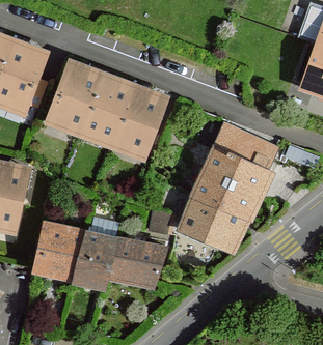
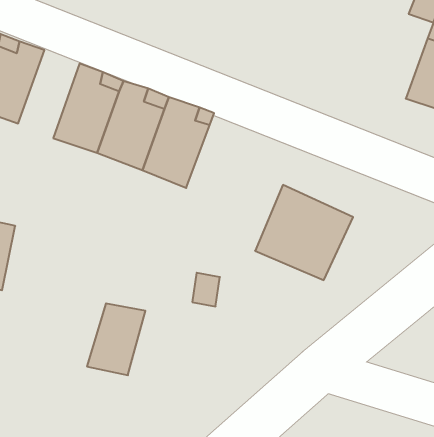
building: [214,130,272,171] -> none
building: [180,195,243,251] -> none
building: [37,223,88,277] -> none
building: [107,237,166,281] -> none

